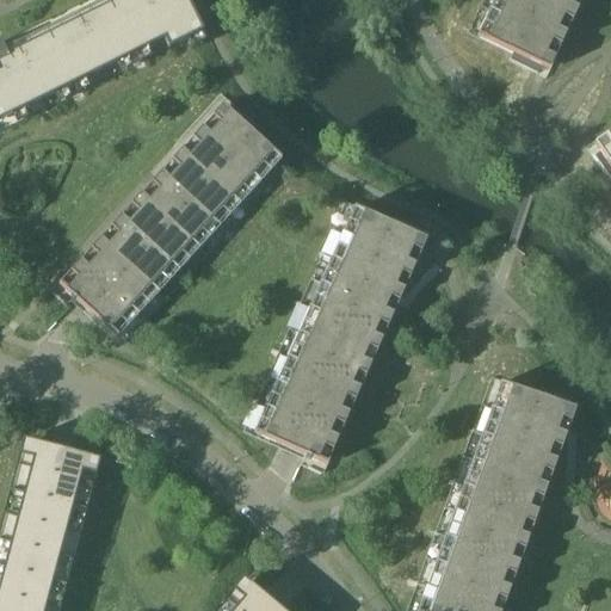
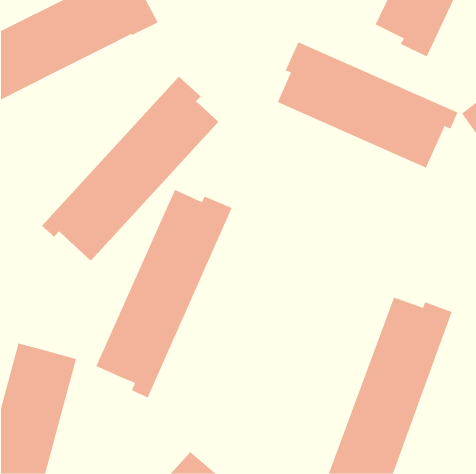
building: none -> [277,41,458,169]
building: [258,204,432,470] -> [96,189,232,398]

